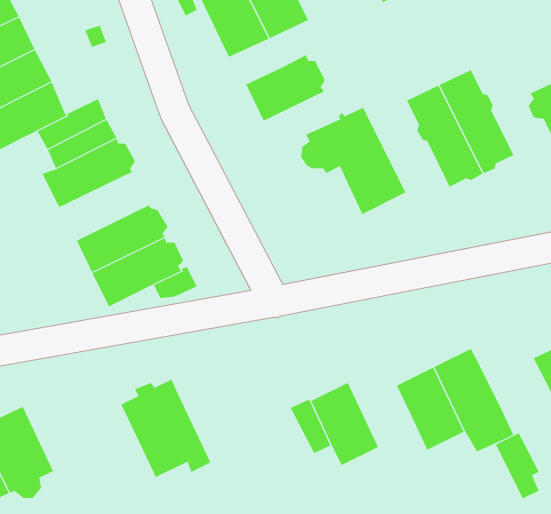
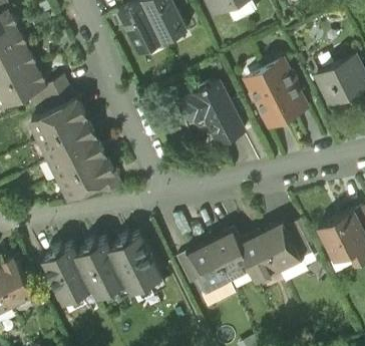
building: [245,54,325,122] -> none
building: none -> [40,118,94,158]
building: none -> [210,232,250,280]
building: none -> [110,235,163,293]
building: none -> [42,246,95,304]
building: [495,433,540,499] -> [285,221,311,260]

